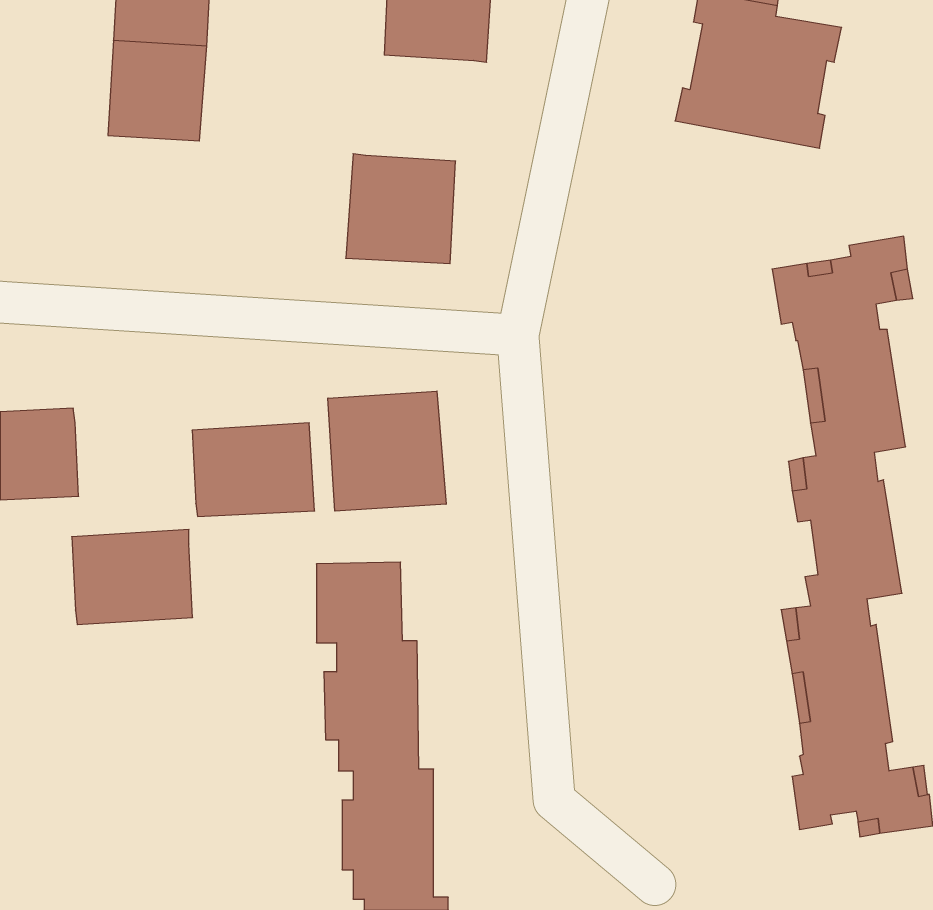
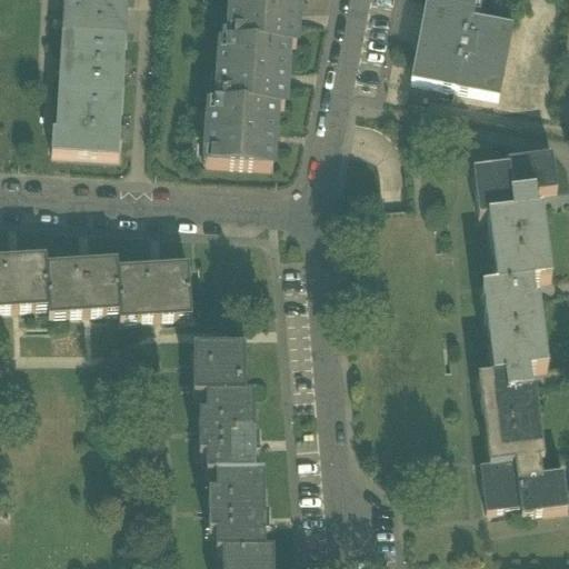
building: none -> [223,33,289,98]
building: none -> [51,82,122,151]
building: [328,391,446,511] -> none
building: [72,529,193,625] -> [47,252,120,310]

